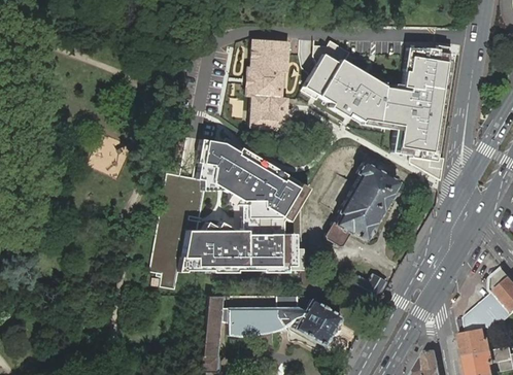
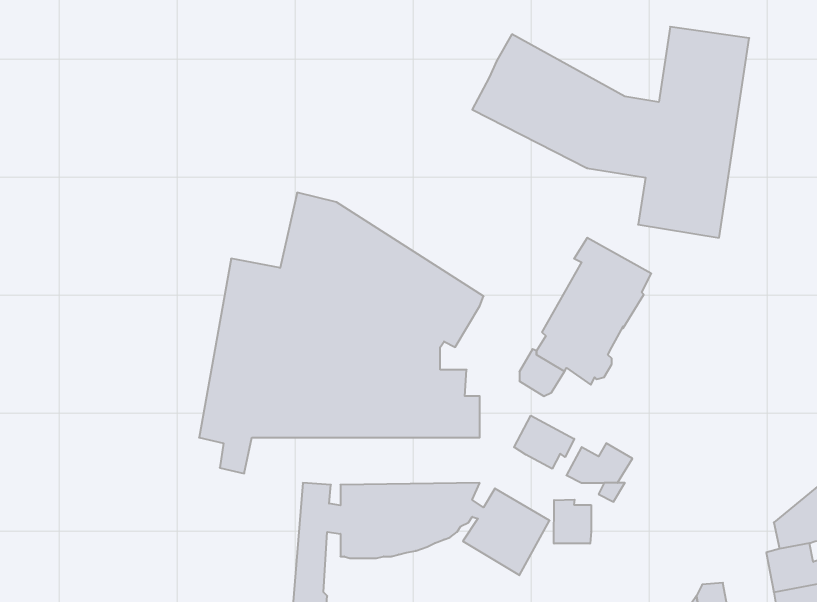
building: [249,38,289,128] -> none
building: none -> [514,416,574,469]
building: none -> [554,500,591,544]

